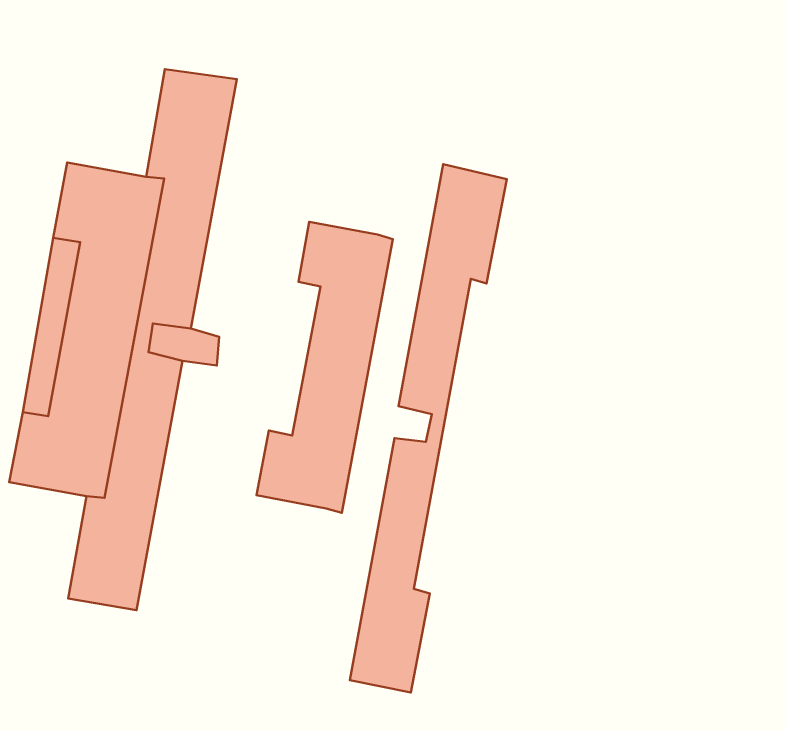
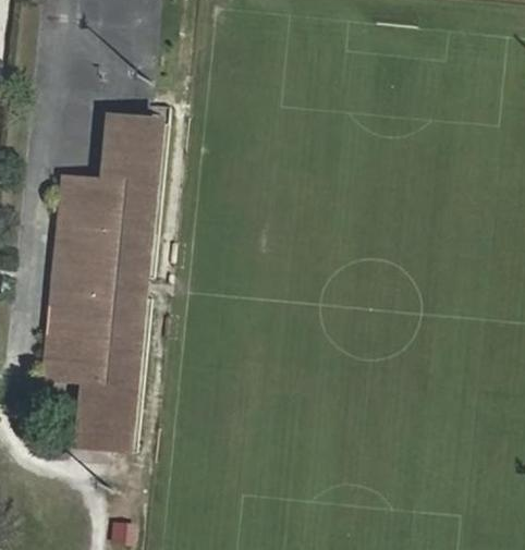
building: [350,164,507,693] -> none
building: [257,222,393,513] -> none

